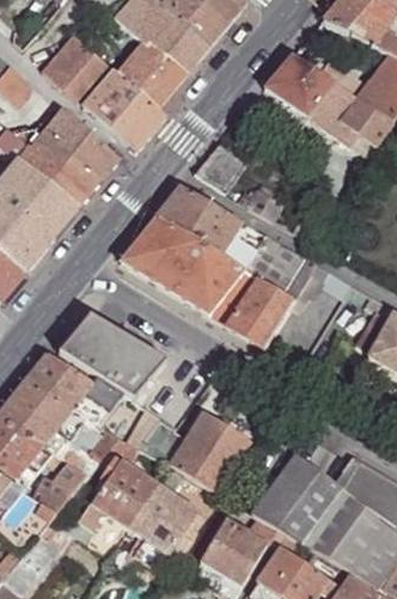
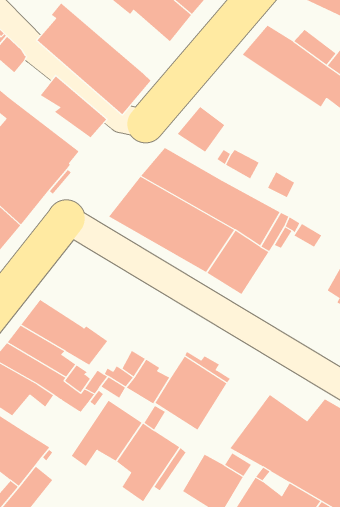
building: [118,38,187,106] -> none
building: [12,124,100,191] -> none
building: [59,314,166,399] -> none
building: [31,460,88,512] -> none

